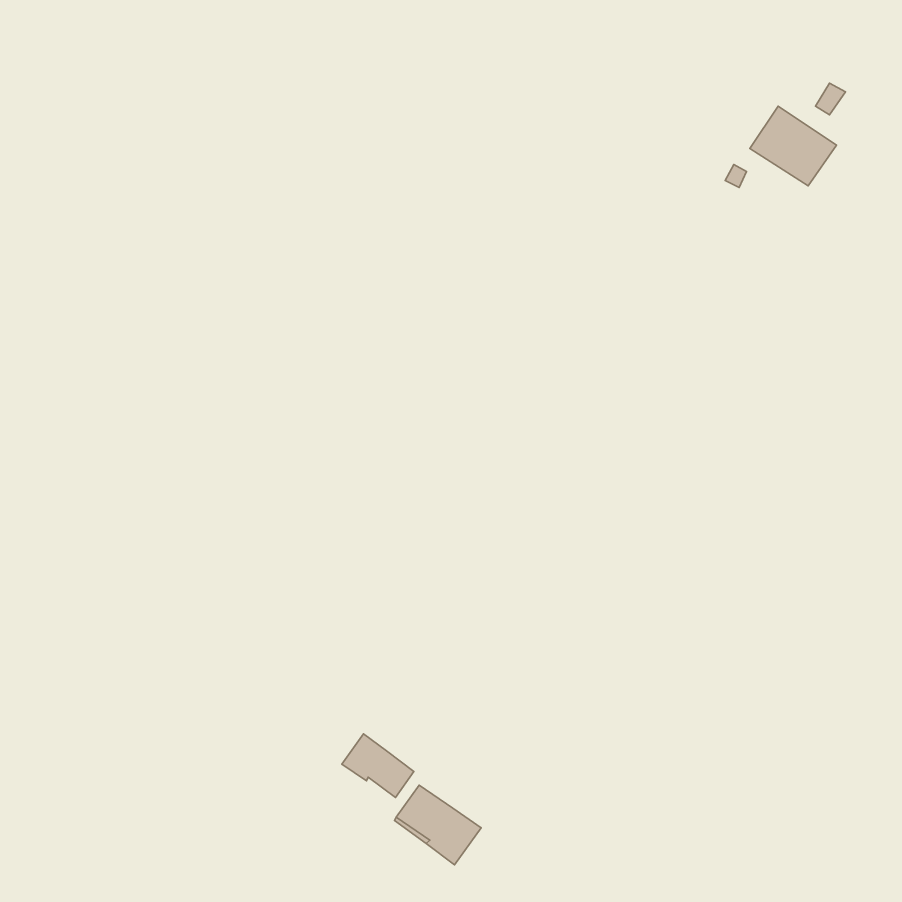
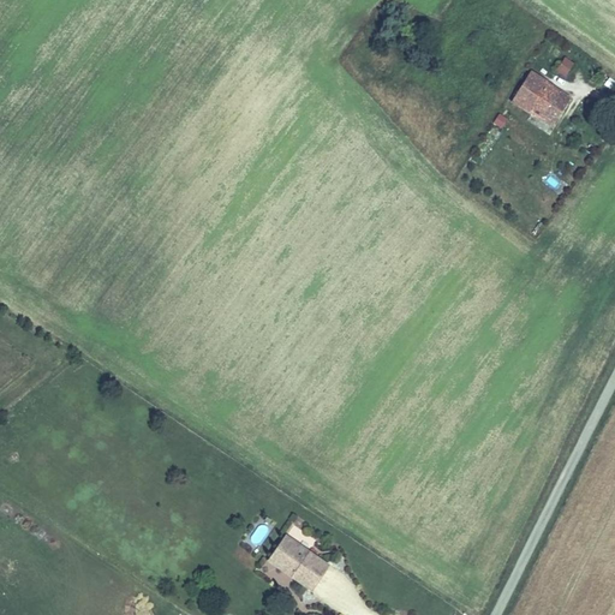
building: [342,734,414,797] -> none

